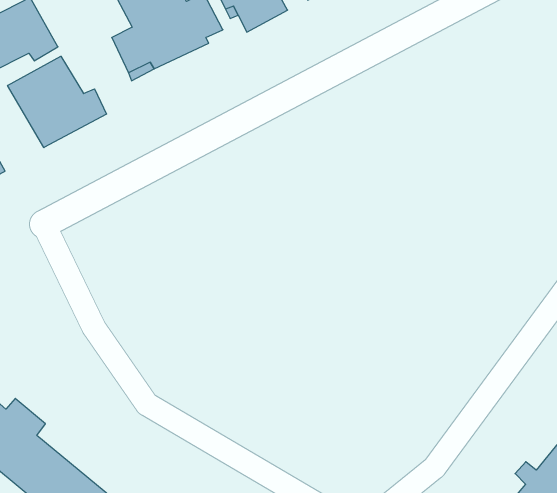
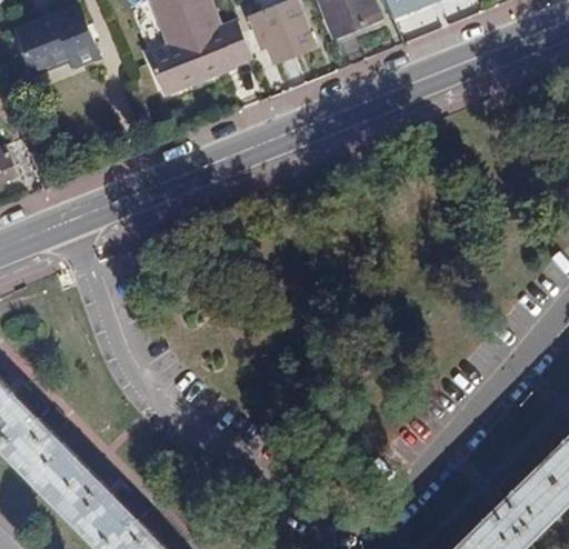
building: [8,56,106,148] -> none

